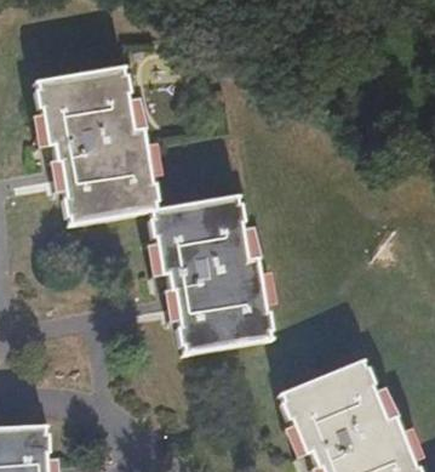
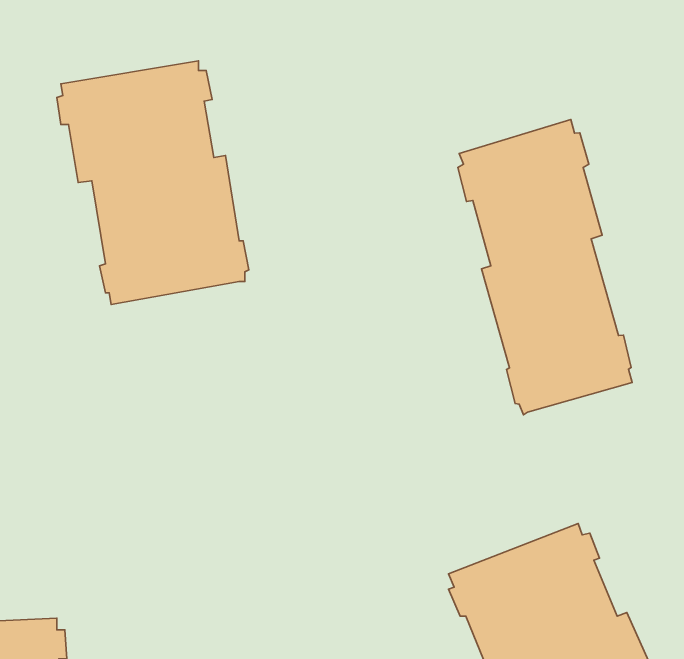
building: none -> [458,120,632,415]
building: [150,198,270,351] -> none

